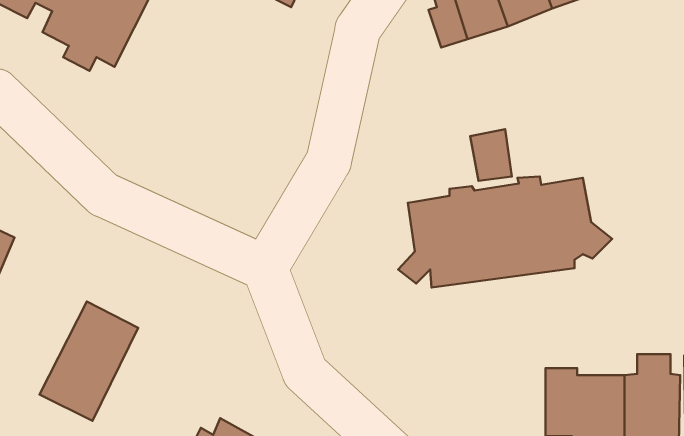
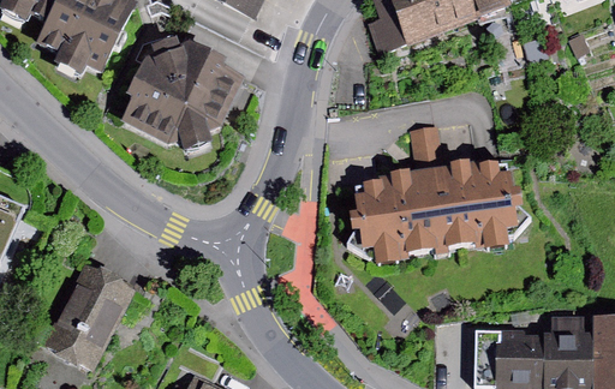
building: none -> [121,31,244,149]

